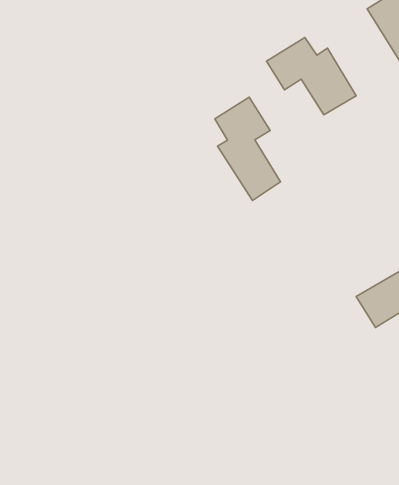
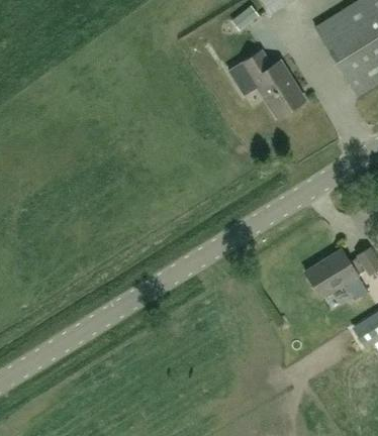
building: [215,97,281,200] -> none

